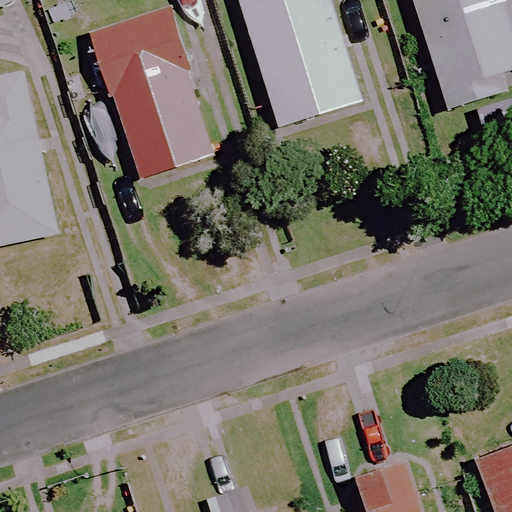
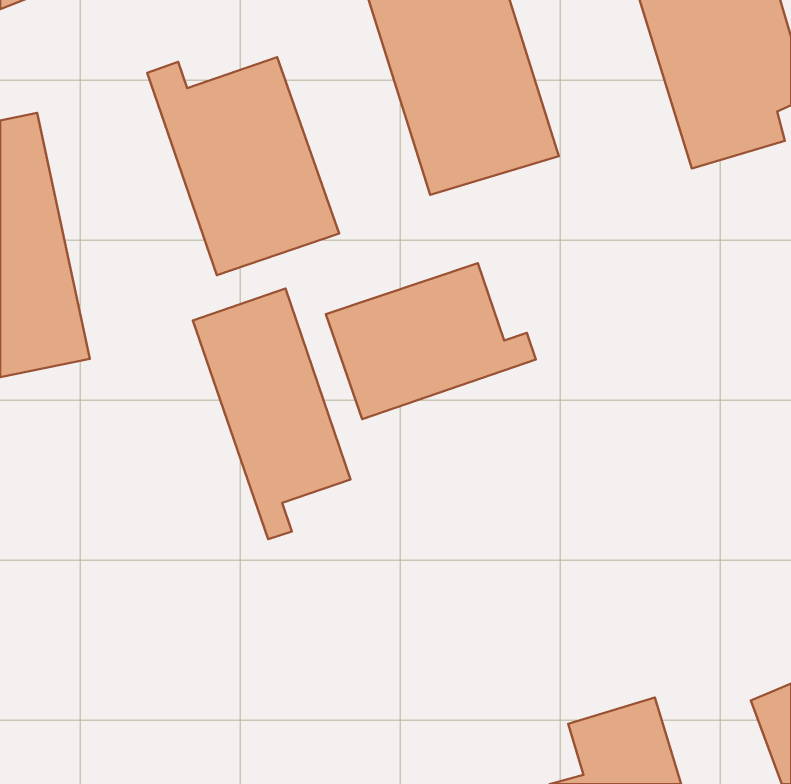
building: none -> [326,263,536,419]
building: none -> [193,288,350,539]

